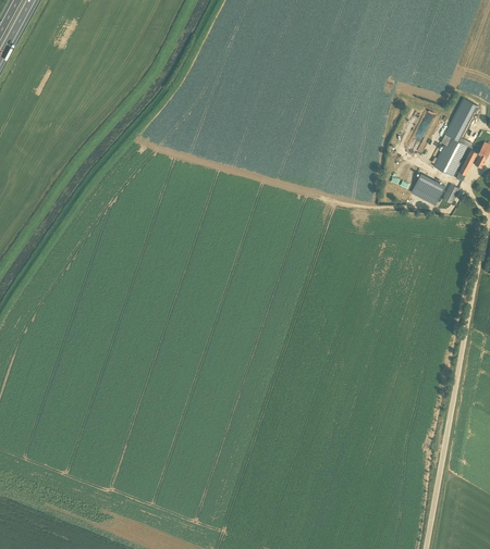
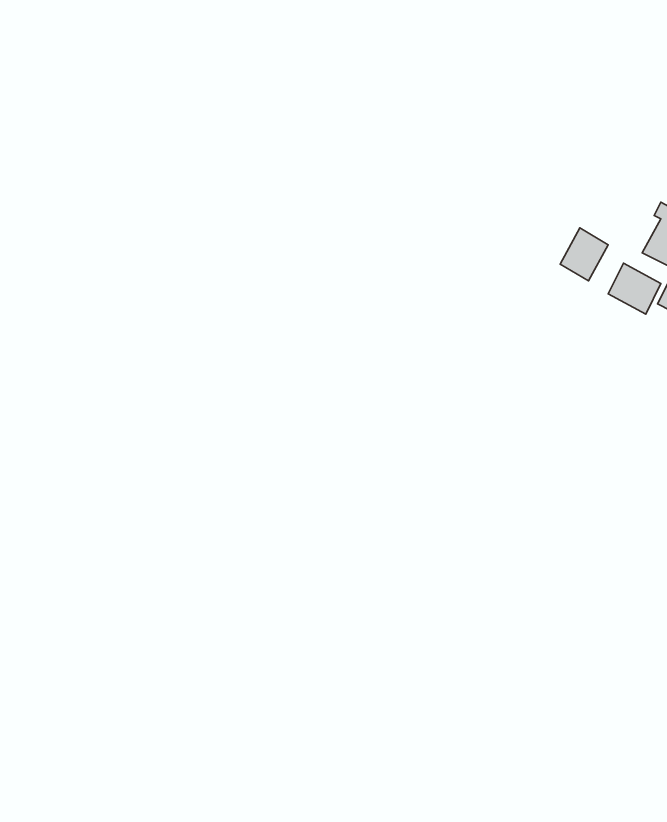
building: none -> [560,228,608,281]

